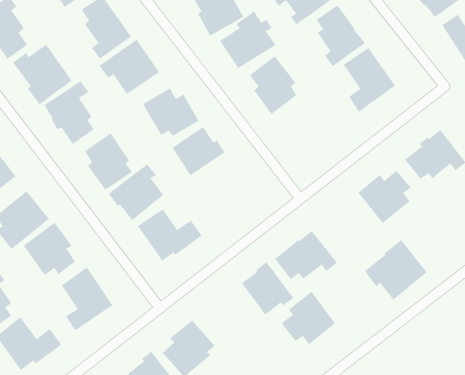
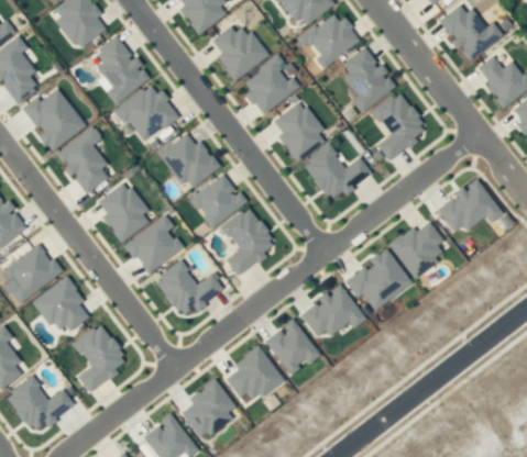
building: none -> [301,144,373,201]
building: none -> [221,207,276,276]
building: [364,239,428,300] -> [344,247,411,312]
building: [281,291,336,345] -> [224,345,283,402]

